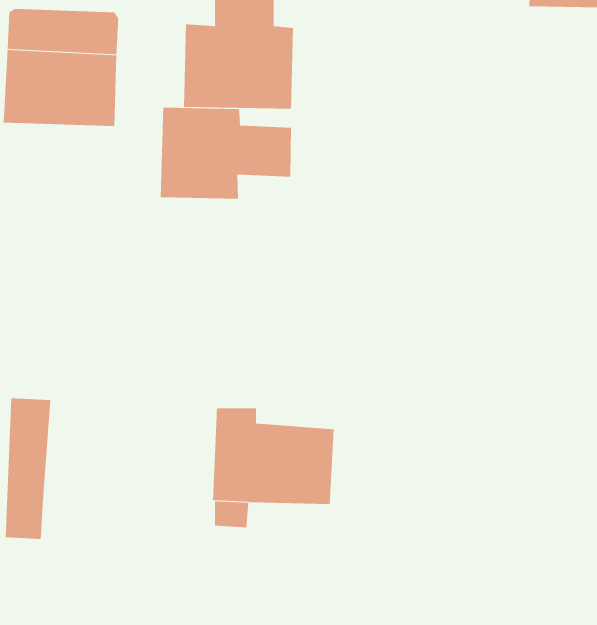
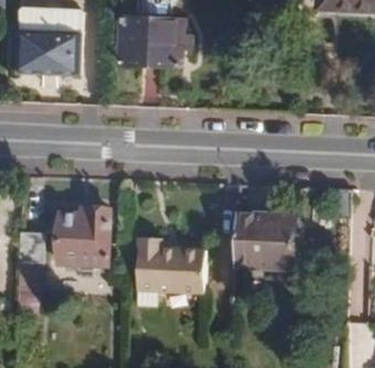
building: [160,107,292,200] -> none
building: none -> [58,210,109,267]
building: none -> [235,213,303,271]

